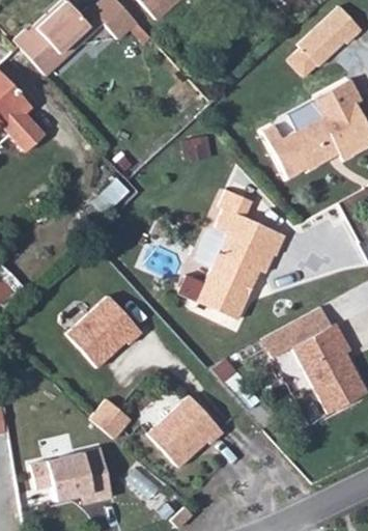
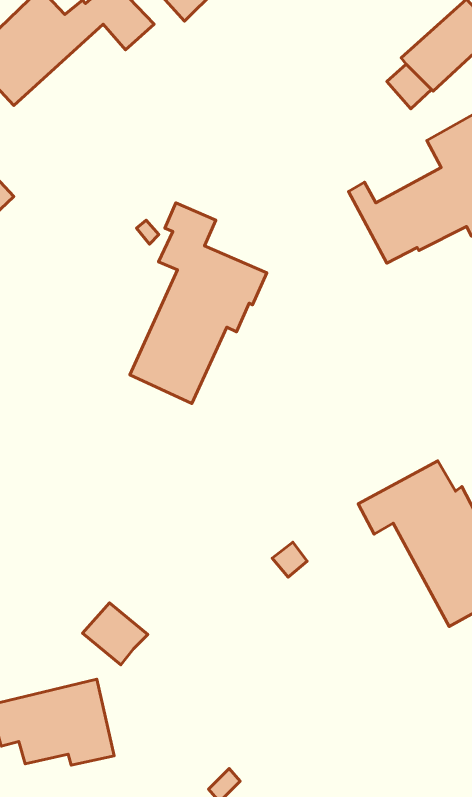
building: [197,189,286,319] -> [130,203,267,404]
building: [66,295,143,367] -> none
building: [148,394,224,467] -> none

